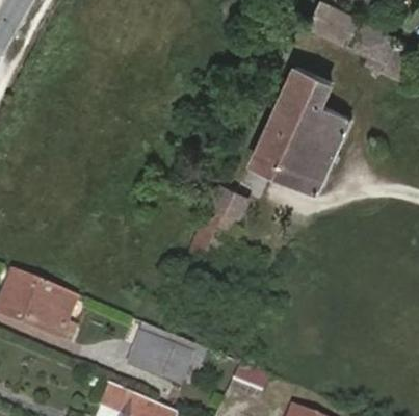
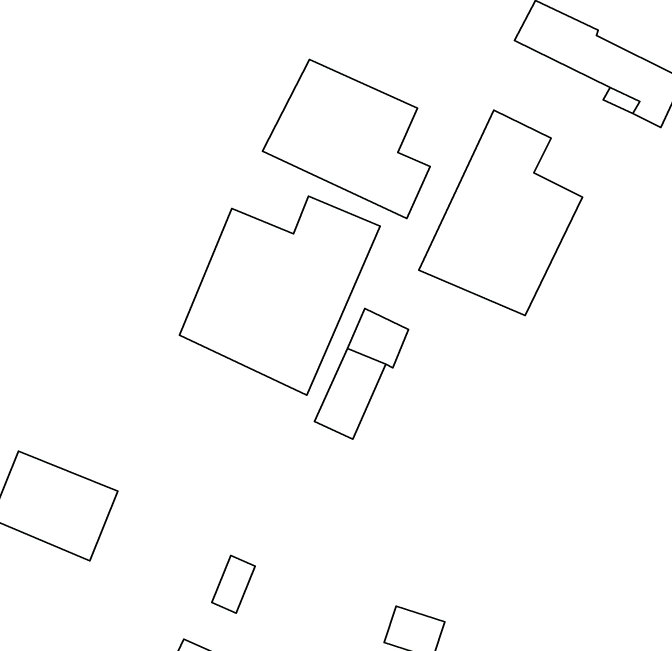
building: none -> [263,59,430,218]
building: none -> [179,196,380,395]
building: [142,339,184,380] -> none

